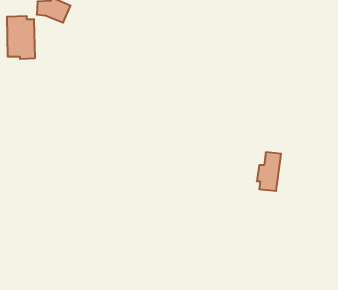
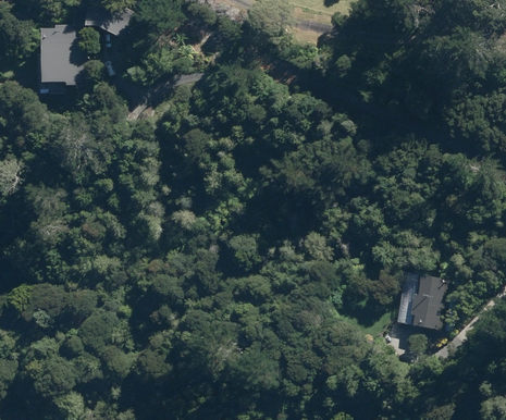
building: [257,152,281,191] -> [408,275,441,328]

